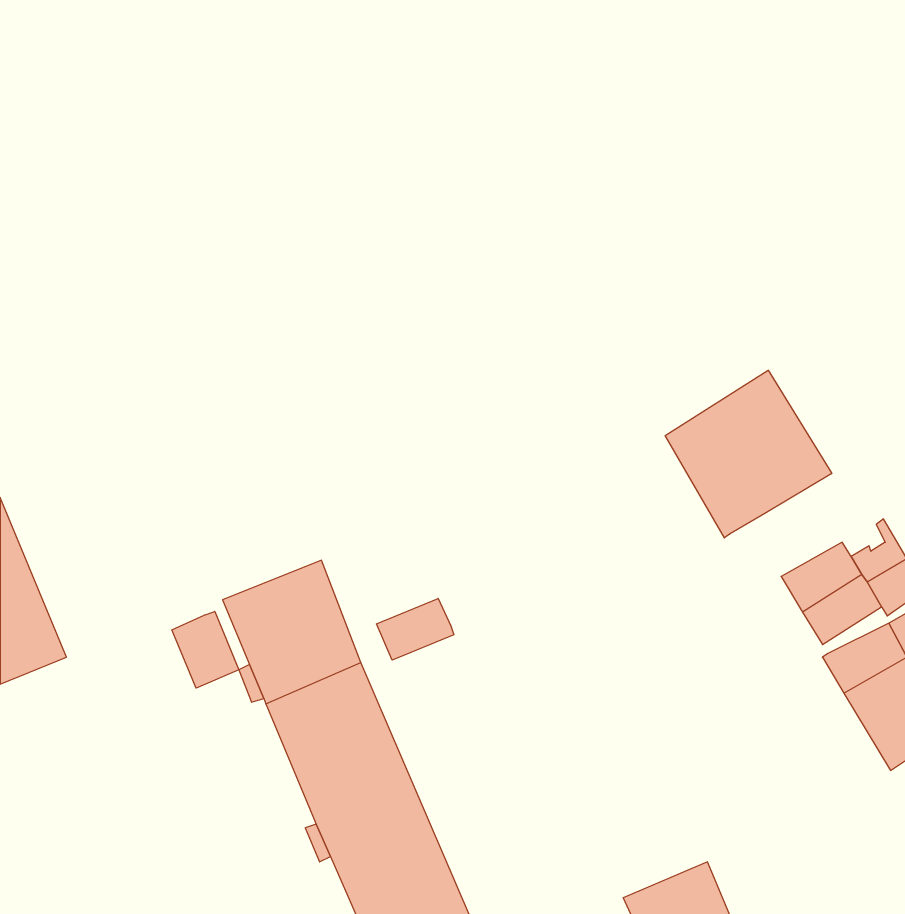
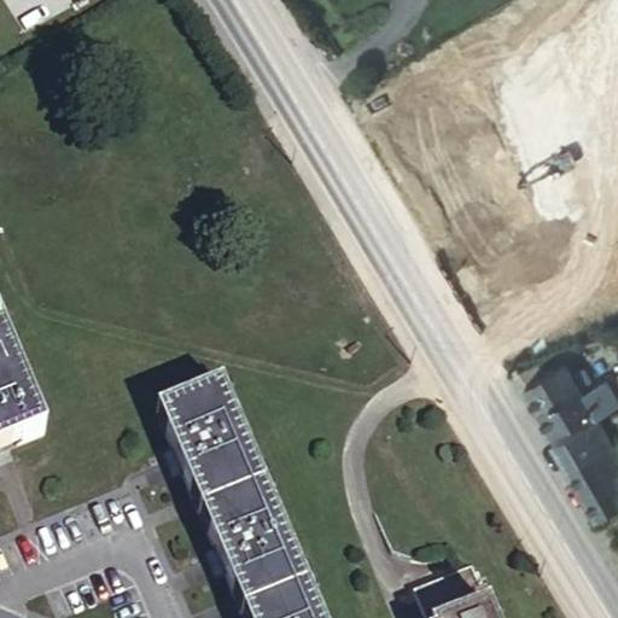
building: [665,370,832,538] -> none
building: [377,598,454,660] -> none
building: [172,611,239,688] -> none

